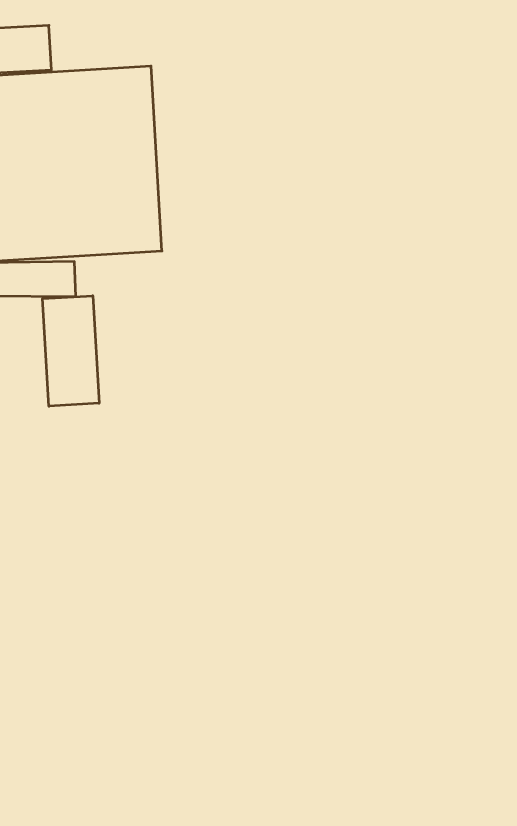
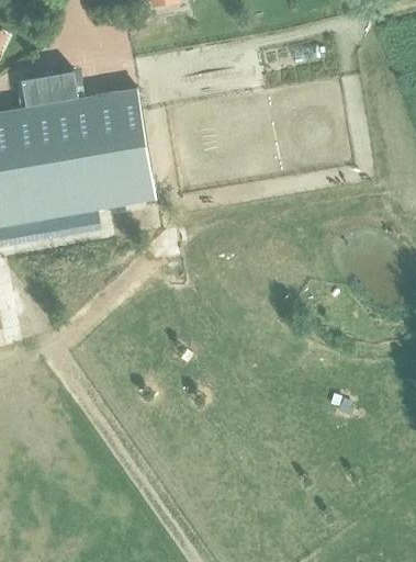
building: [43,296,99,406] -> none

